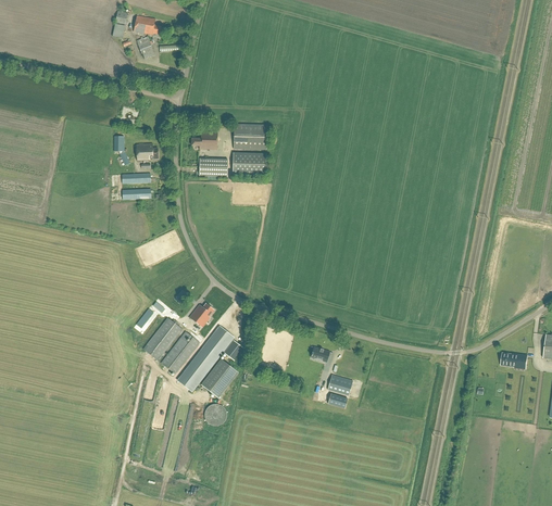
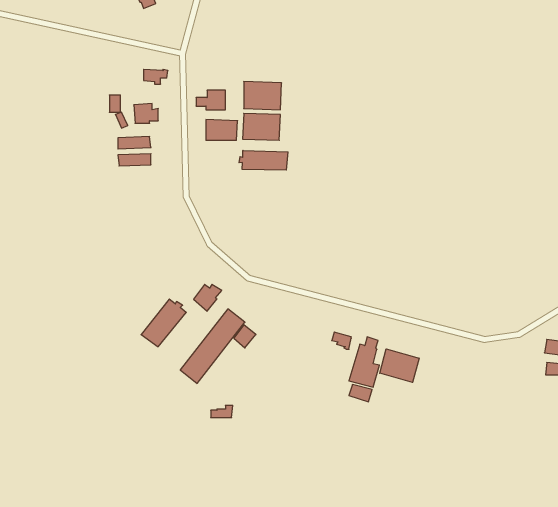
building: none -> [239,150,288,170]
building: [161,330,200,372] -> none
building: [202,358,239,397] -> none
building: none -> [380,349,419,382]

